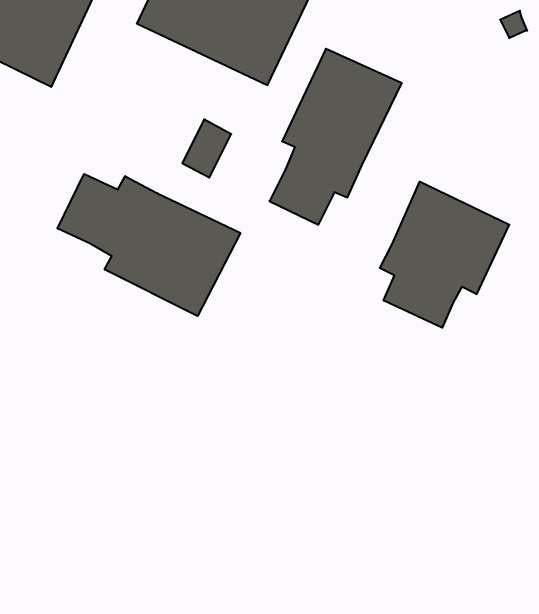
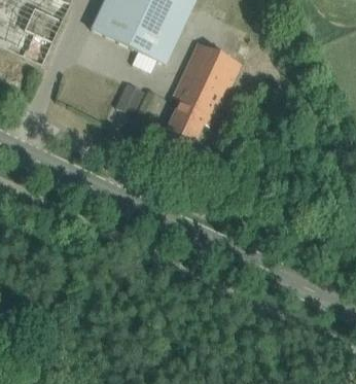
building: [57,174,240,316] -> none
building: [380,182,509,328] -> none

